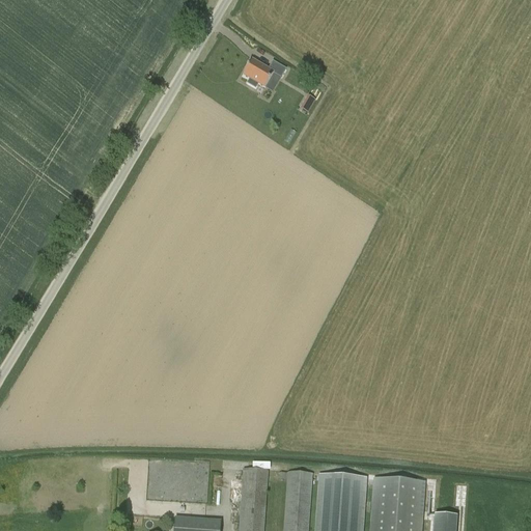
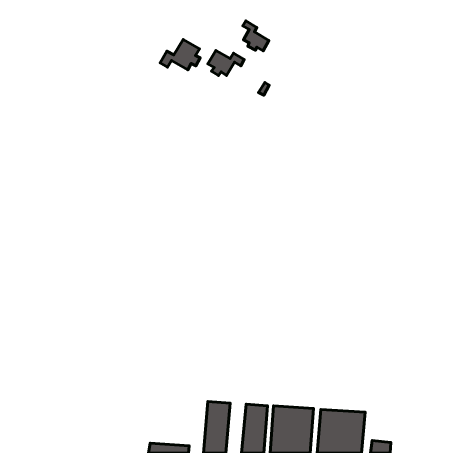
building: none -> [243,21,269,51]
building: none -> [160,39,200,70]

